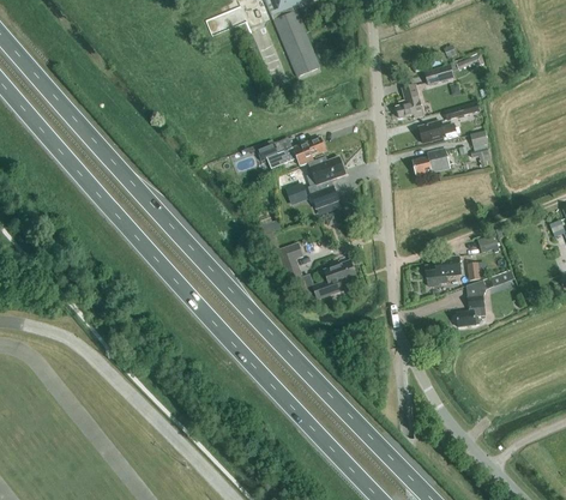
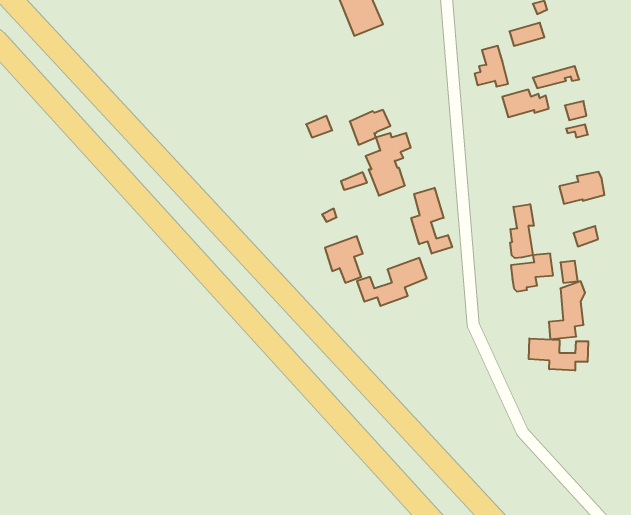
building: [413,149,450,175] -> [559,172,604,204]
building: none -> [411,188,452,254]
building: none -> [510,204,534,258]
building: none -> [529,338,588,371]

